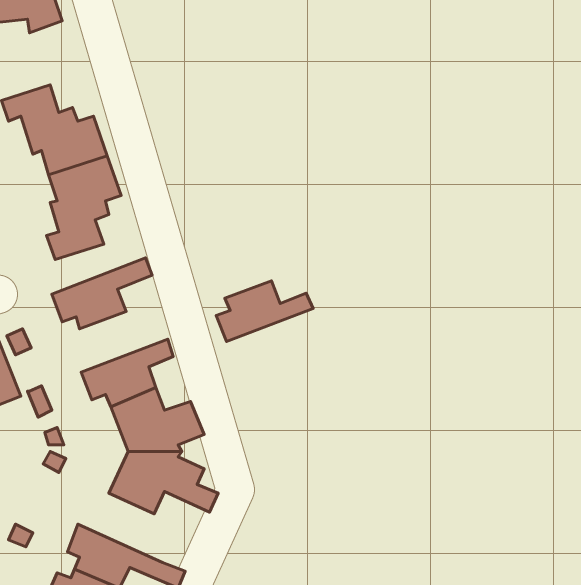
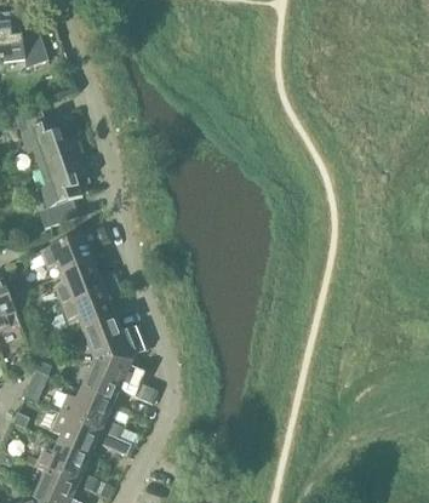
building: [216,281,313,342] -> [53,263,121,305]
building: none -> [58,390,122,439]

